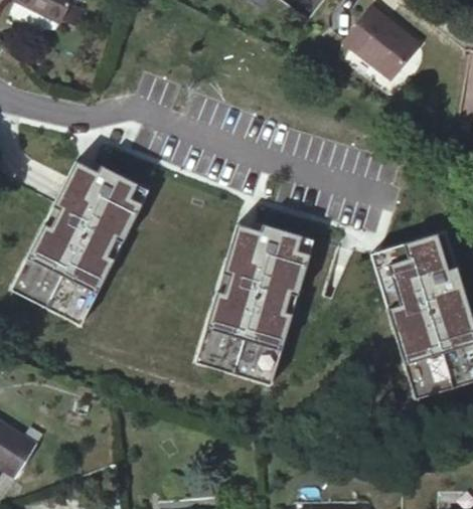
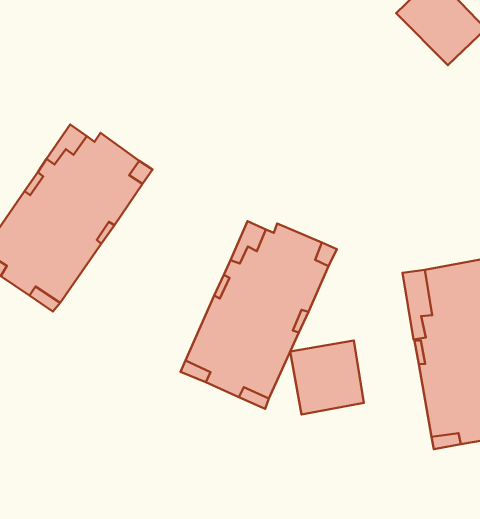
building: none -> [290,340,364,415]

